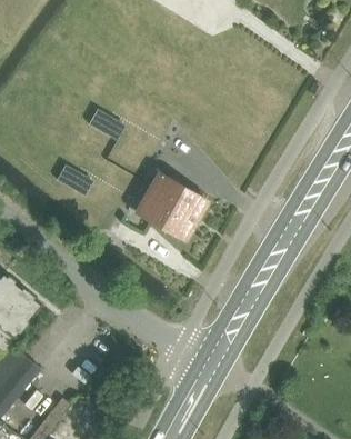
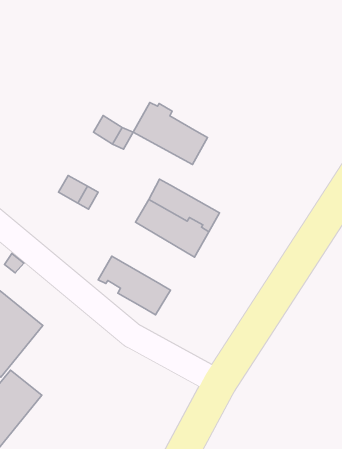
building: none -> [133,103,207,165]
building: none -> [98,256,170,315]

